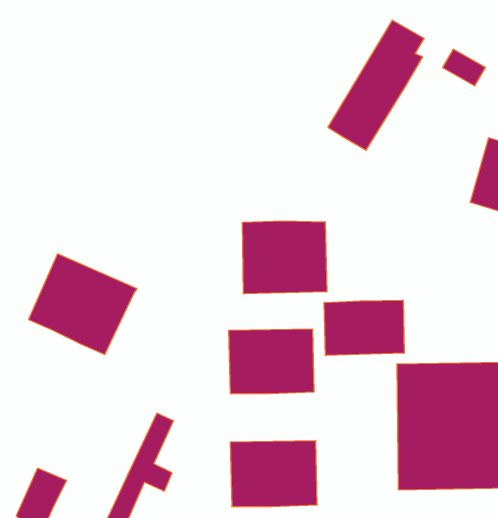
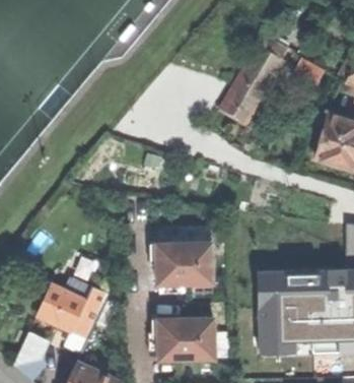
building: [242,221,327,294] -> none
building: [29,254,137,355] -> [37,272,109,339]
building: [324,300,404,356] -> none

